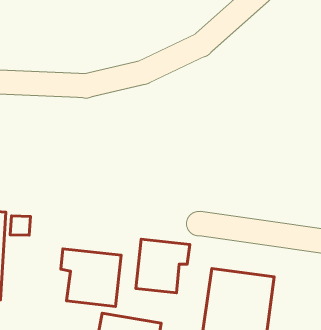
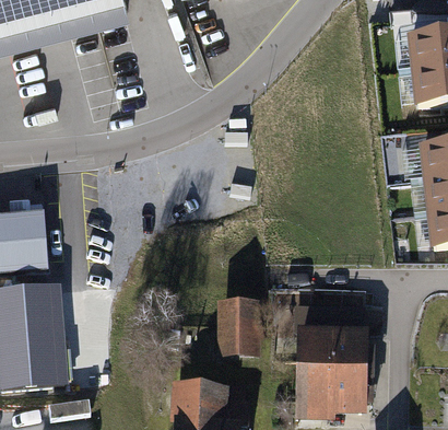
building: [61,249,121,306] -> none

